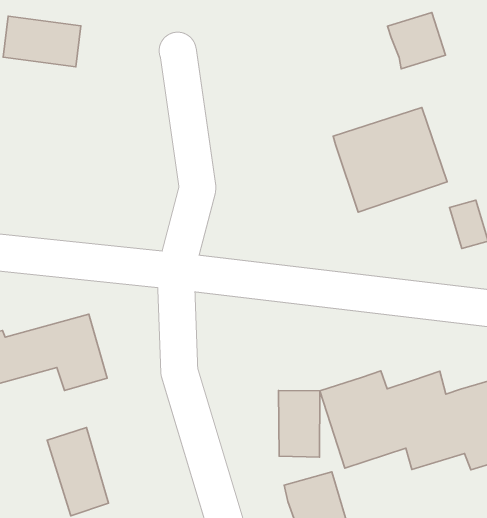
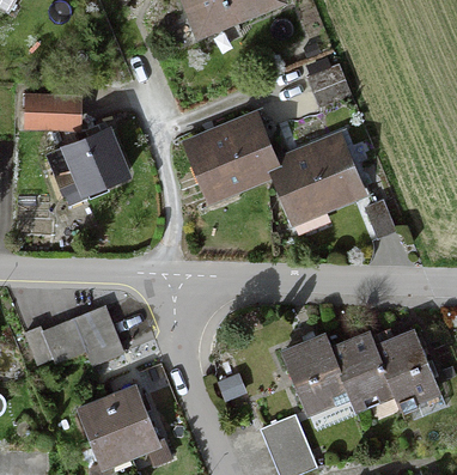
building: none -> [60,122,129,195]
building: none -> [188,115,275,196]
building: [278,390,320,457] -> none
building: none -> [108,386,158,452]

